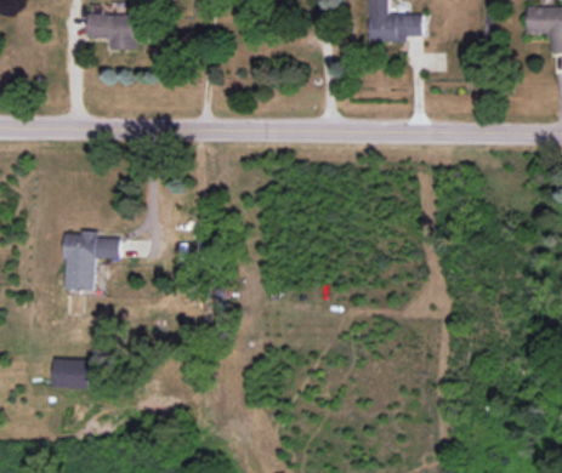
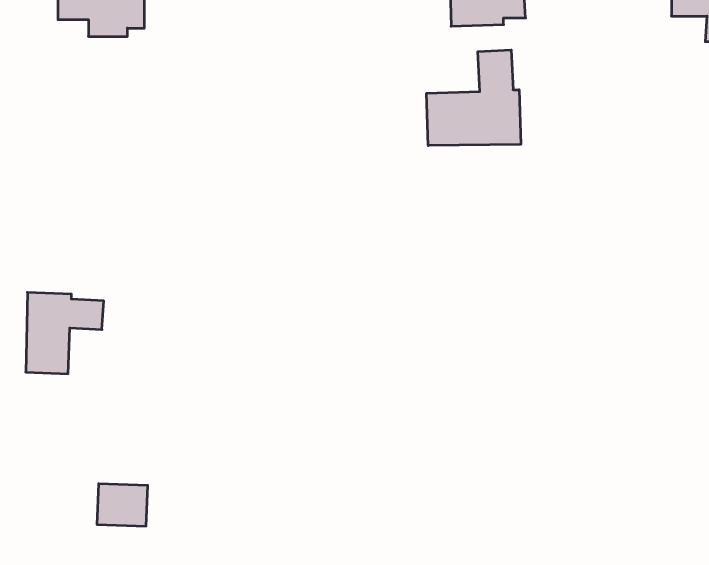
building: none -> [427,50,521,146]
building: [52,359,89,389] -> [97,484,148,526]

